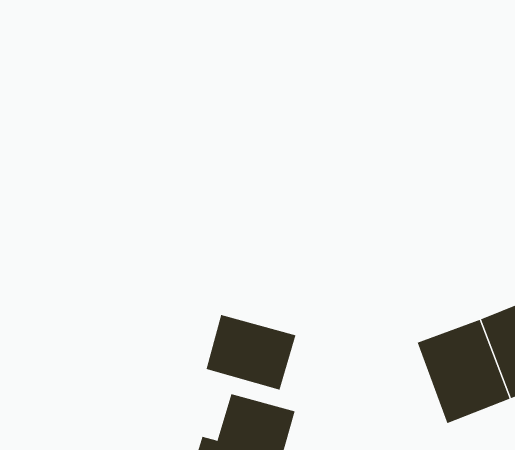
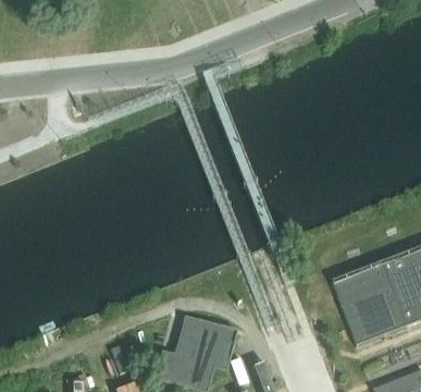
building: [206,314,296,390] -> none

